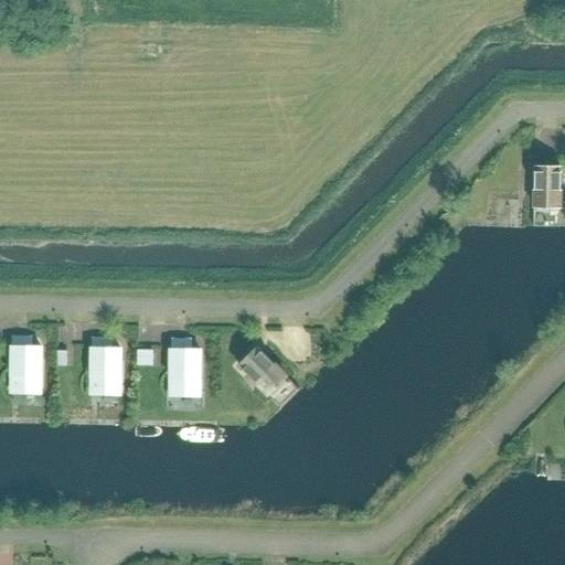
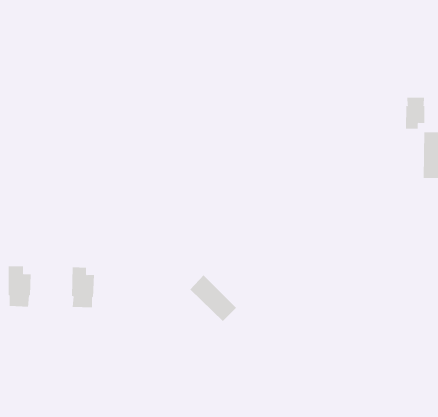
building: none -> [406,97,425,130]
building: [170,340,200,391] -> none

